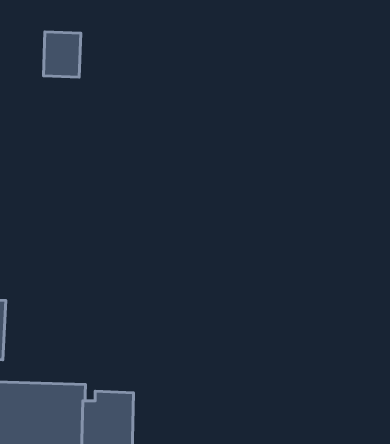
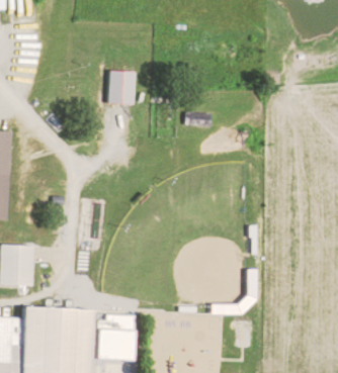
building: [44,32,81,77] -> [102,70,130,103]

